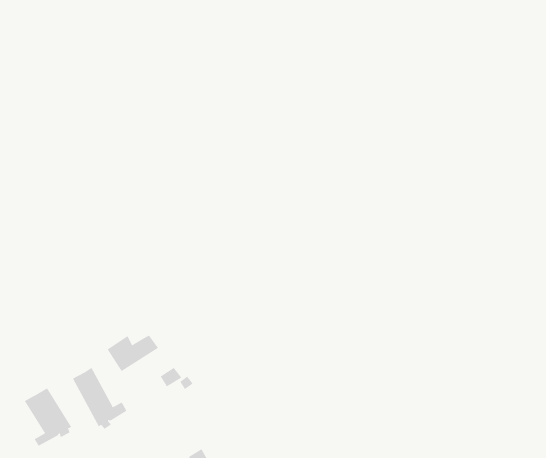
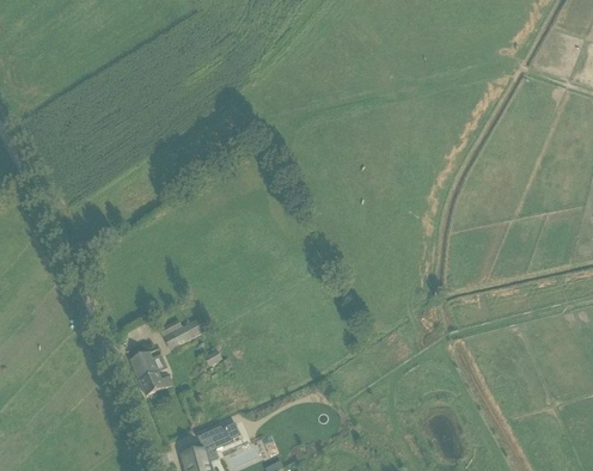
building: [24,388,72,446] -> none

